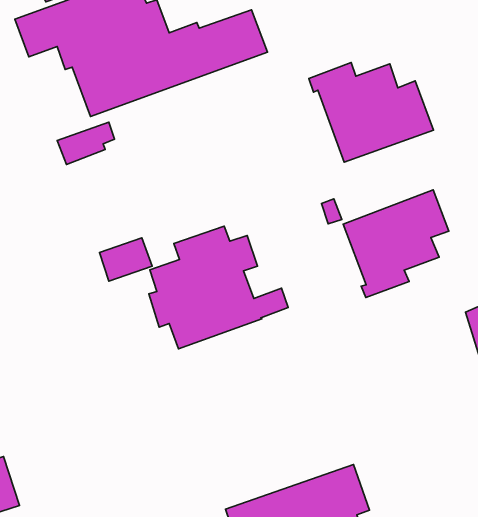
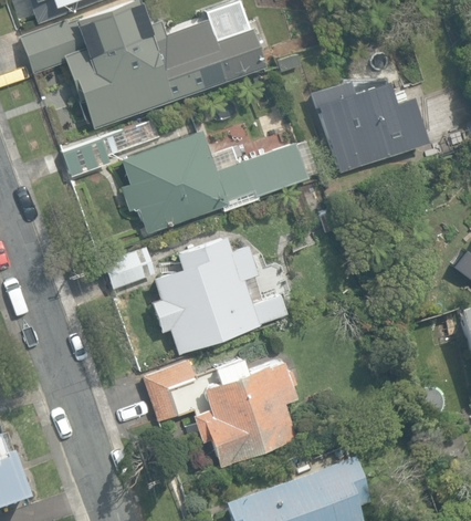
building: none -> [119,128,306,233]
building: [343,190,449,297] -> none
building: none -> [143,357,302,470]

